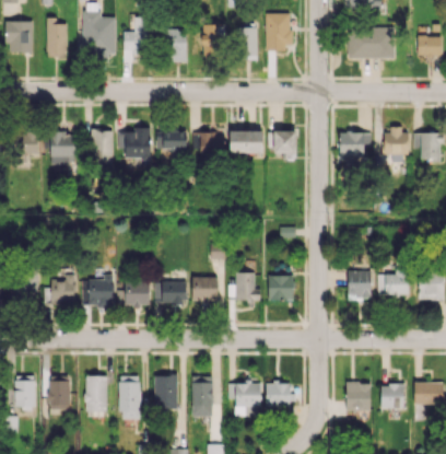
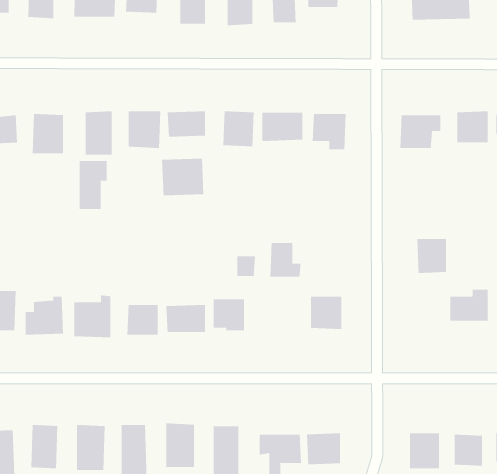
building: none -> [162,158,204,196]
building: none -> [79,160,107,210]
building: [348,270,372,298] -> [416,239,447,273]
building: [236,272,261,300] -> [269,242,301,277]

